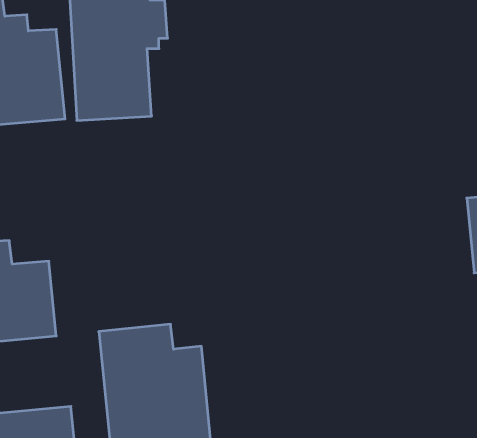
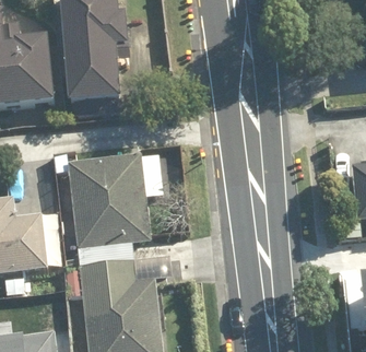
building: none -> [68,152,152,265]

